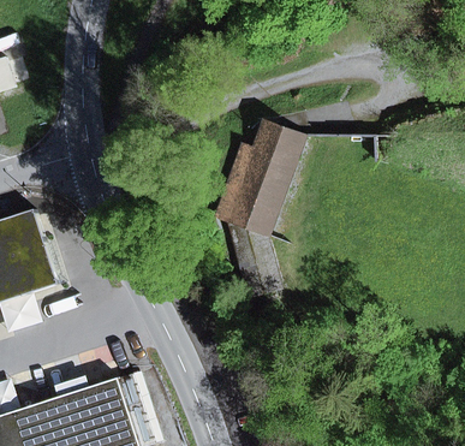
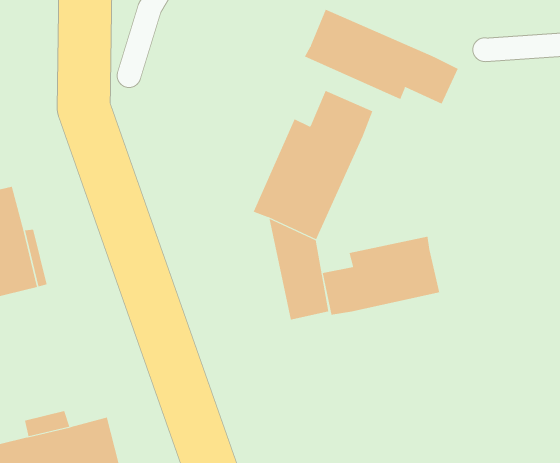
building: none -> [304,9,459,105]
building: none -> [322,236,440,315]

